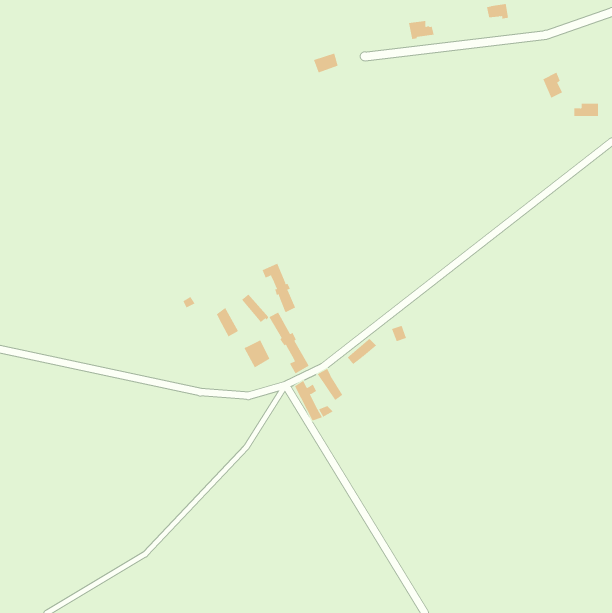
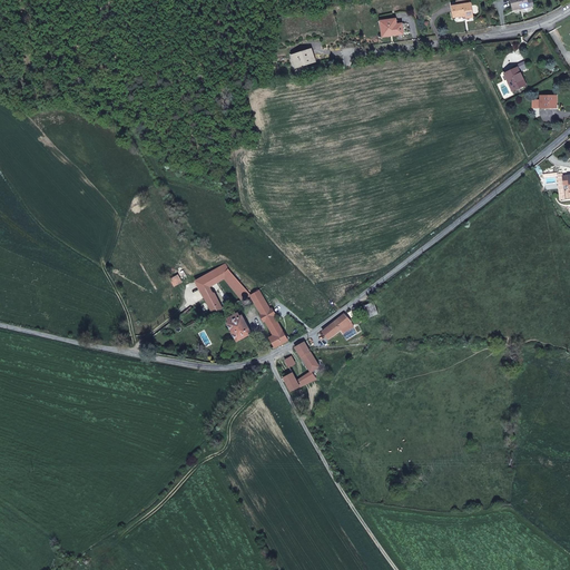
building: [262,263,296,313] -> none

